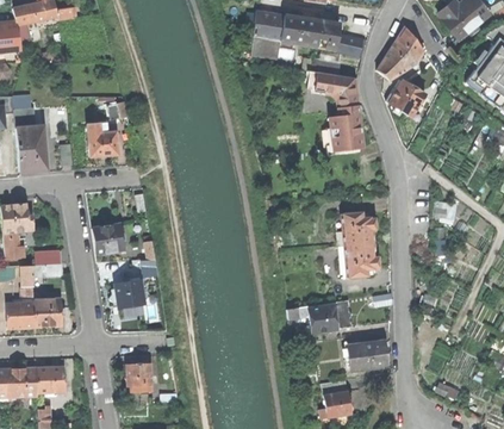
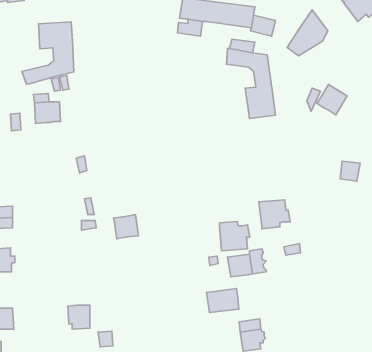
building: none -> [22,22,74,84]
building: [390,80,424,114] -> [317,84,347,115]
building: [342,212,377,245] -> [219,222,250,251]
building: [93,224,124,254] -> none
building: [116,280,144,307] -> [114,215,139,239]
building: [348,341,385,368] -> [206,288,239,312]

